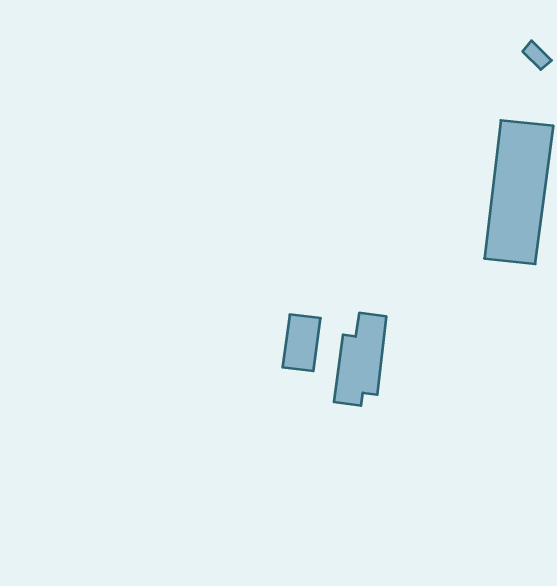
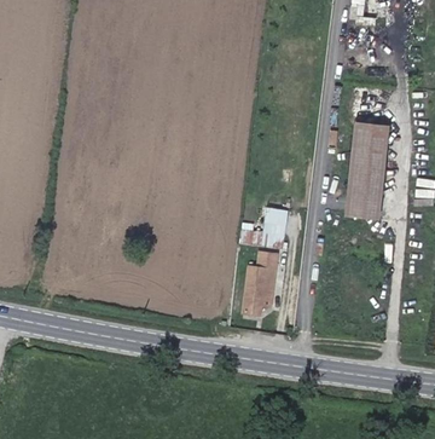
building: [283,315,321,371] -> [262,208,288,246]

